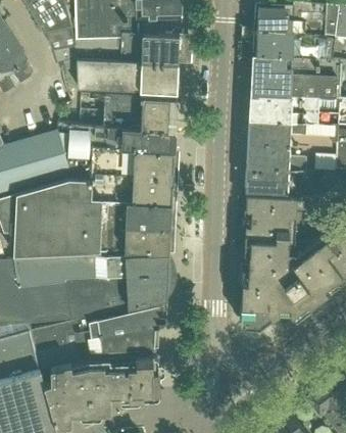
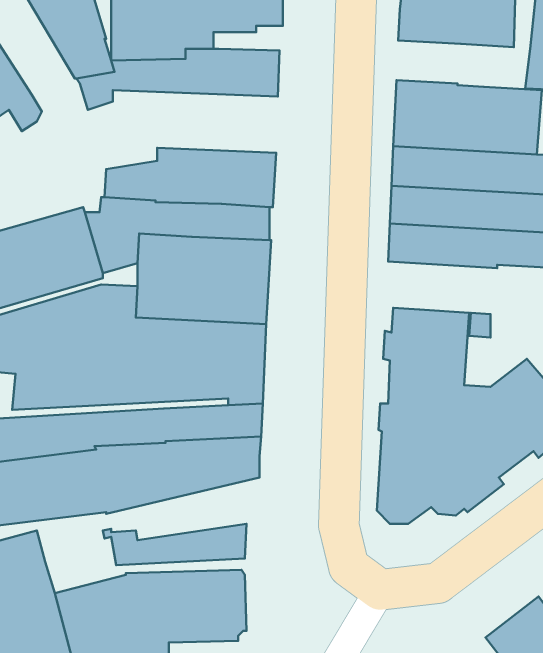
building: [253,29,293,55] -> none
building: [62,59,180,93] -> none
building: [247,165,315,194] -> none
building: [31,304,168,351] -> none

